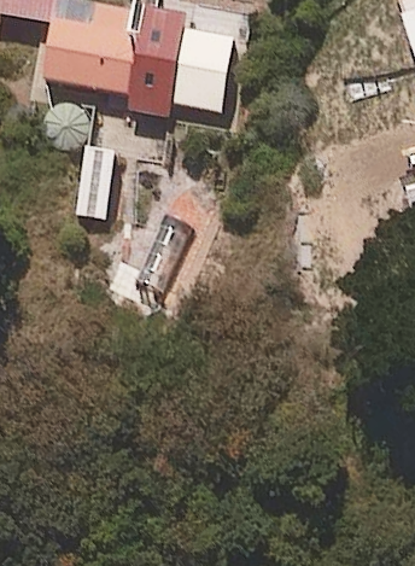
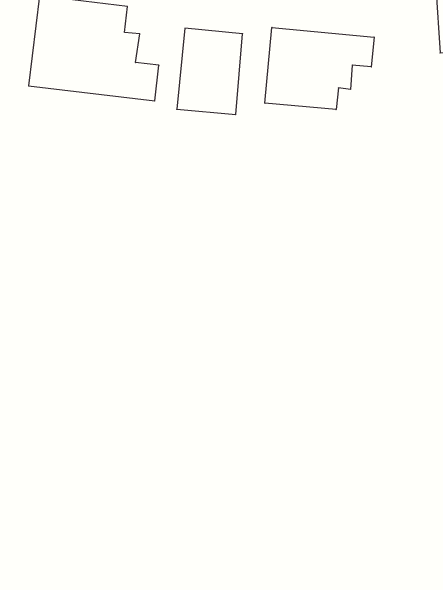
building: none -> [265,27,374,110]

